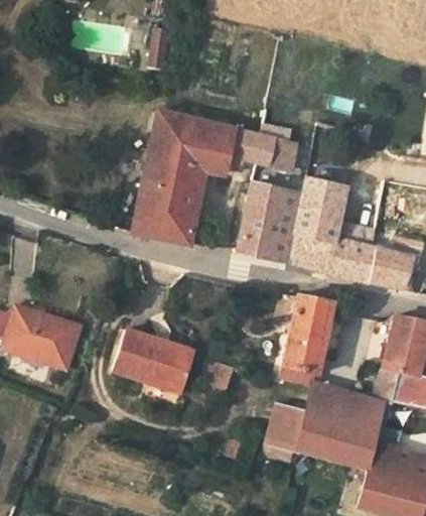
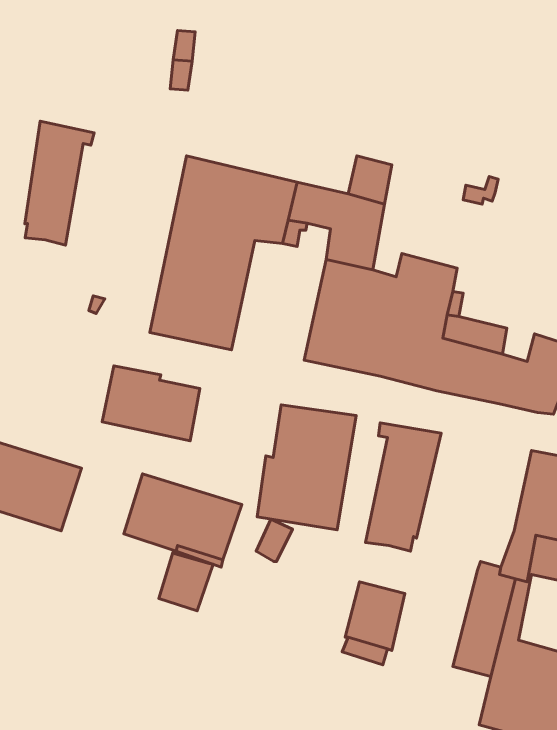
building: none -> [25,121,94,245]
building: none -> [102,366,200,441]
building: none -> [257,405,356,530]
building: none -> [159,553,213,611]
building: [298,385,358,464] -> none

